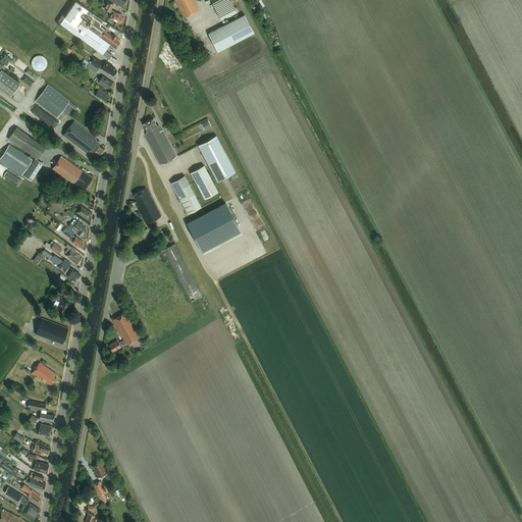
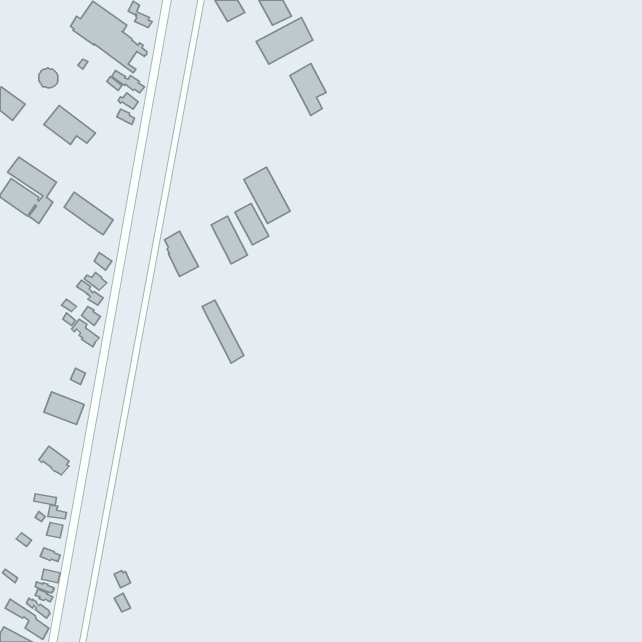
building: none -> [290,63,326,115]
building: [143,118,176,165] -> none
building: [63,121,104,157] -> none
building: [187,203,238,247] -> none
building: [109,313,140,351] -> none

